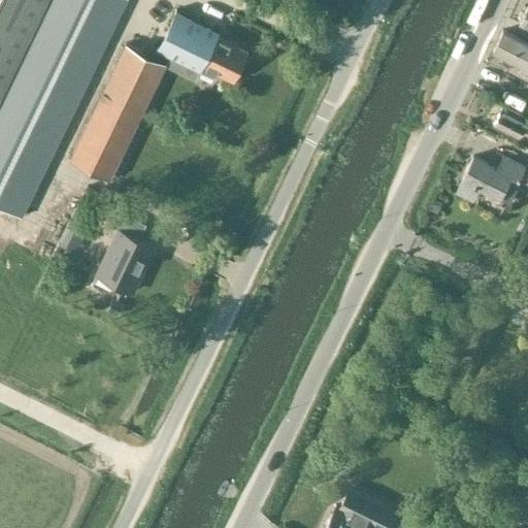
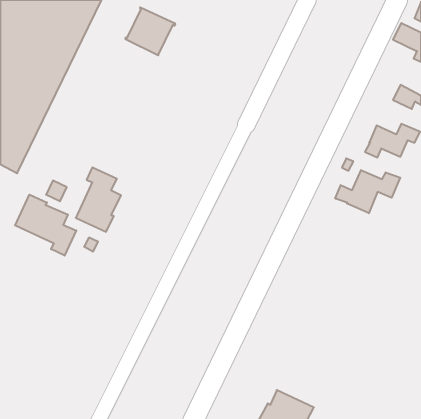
building: [198,36,250,85] -> none
building: [69,46,166,182] -> none
building: none -> [335,170,400,213]
building: none -> [15,195,76,256]

